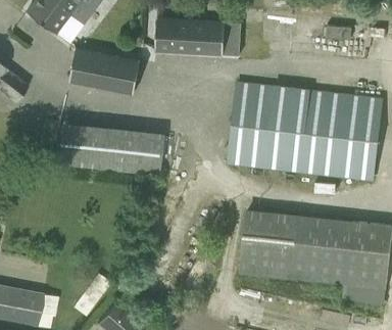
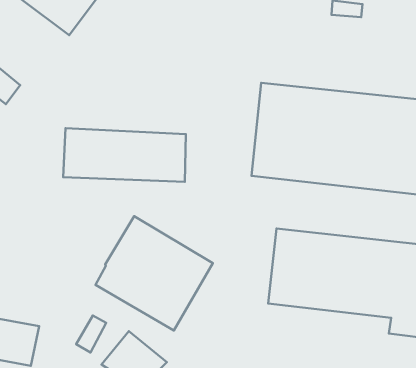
building: [154,18,241,56] -> none
building: [68,48,139,94] -> none
building: none -> [96,216,213,331]

